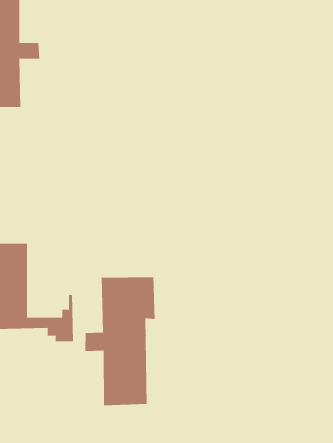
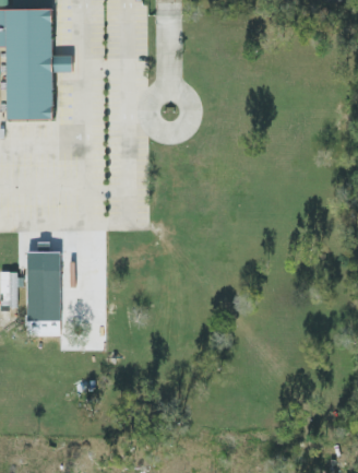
building: [85,276,155,406] -> none

